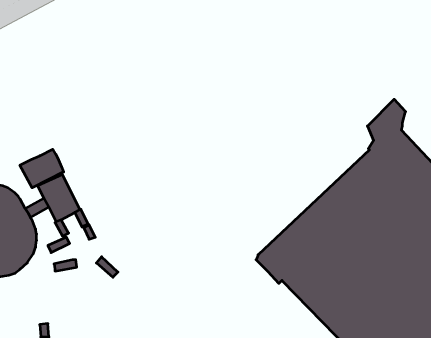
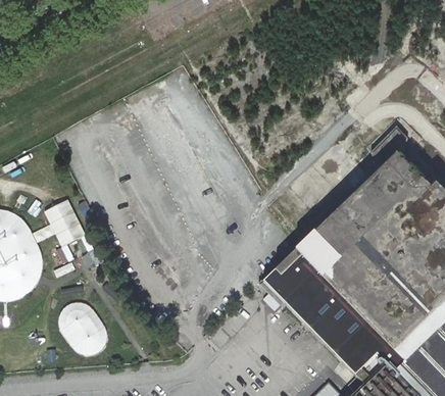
building: [20,149,64,188] -> none
building: none -> [59,301,108,353]

